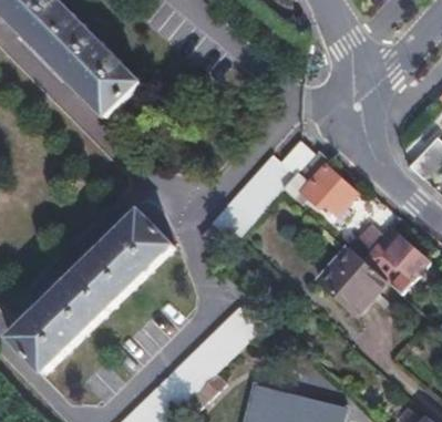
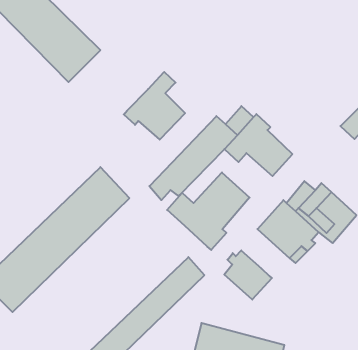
building: none -> [124,72,185,140]
building: none -> [167,172,250,250]
building: none -> [224,250,272,300]

